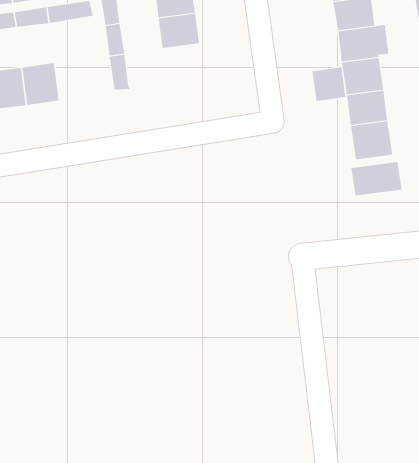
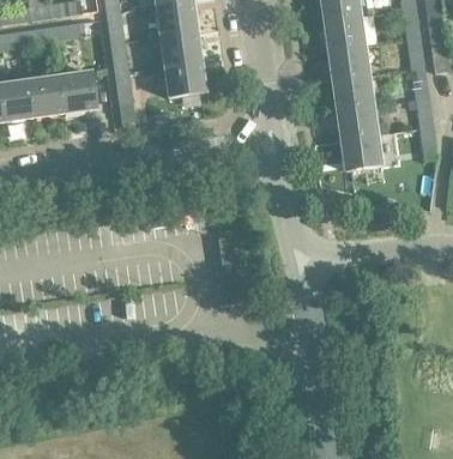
building: none -> [162,59,203,97]
building: none -> [60,73,93,113]
building: [312,67,346,102] -> none
building: [351,161,402,196] -> none

